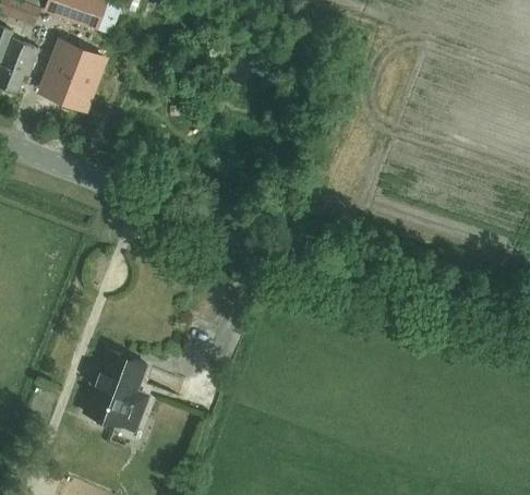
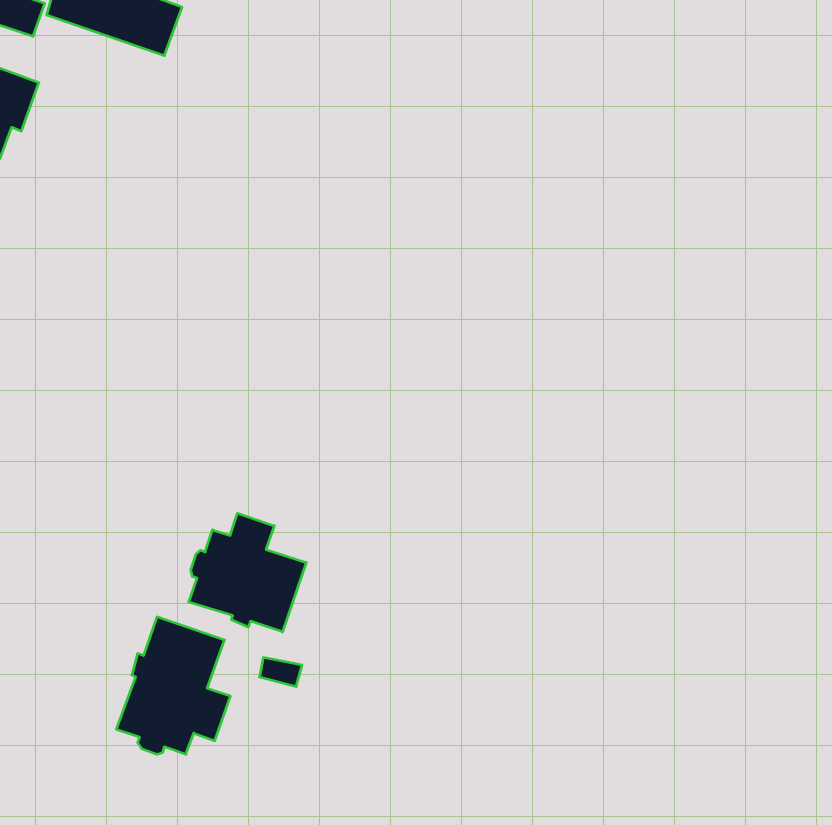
building: [46,41,107,108] -> none
building: none -> [189,513,306,632]

